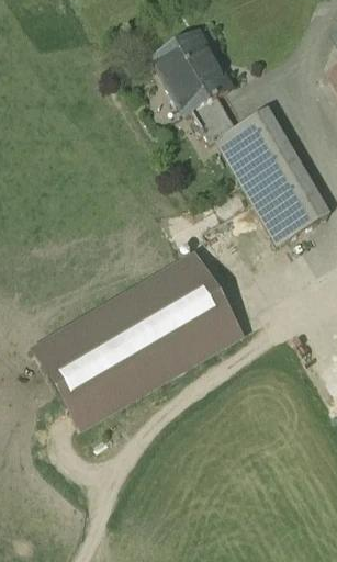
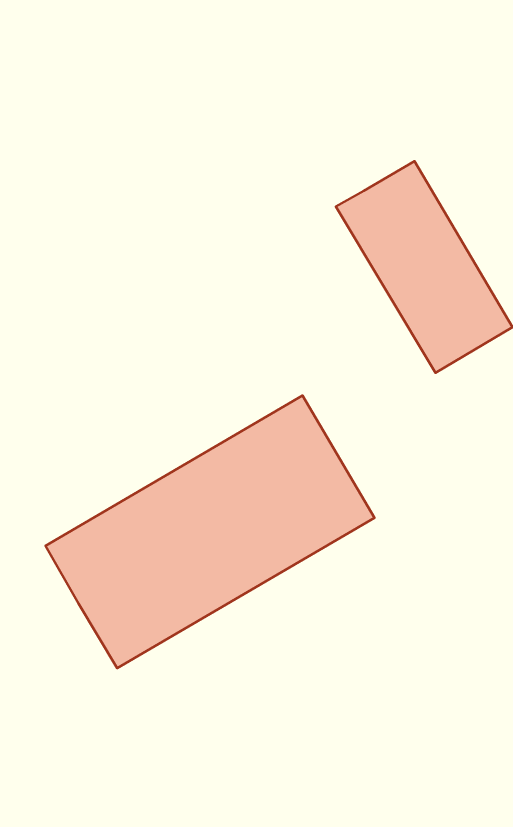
building: [151,31,234,143] -> none

